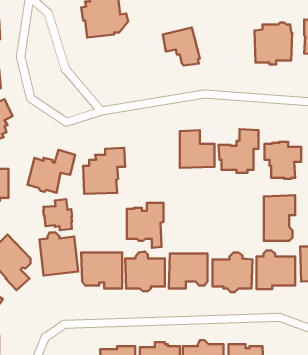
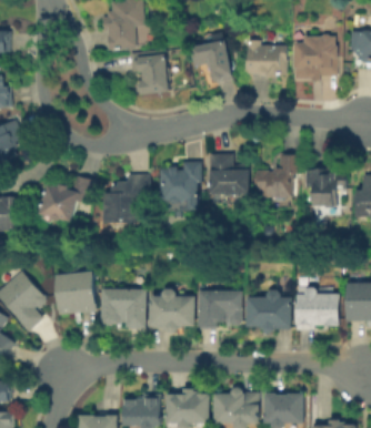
building: none -> [244,39,285,78]
building: none -> [128,48,170,94]
building: [264,195,295,241] -> none
building: [43,199,72,230] -> none
building: [127,203,164,248] -> [159,161,200,211]

